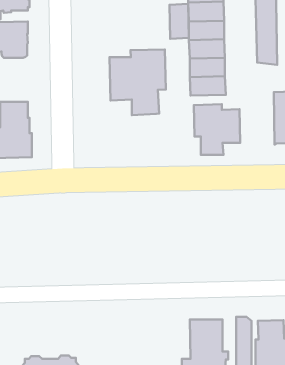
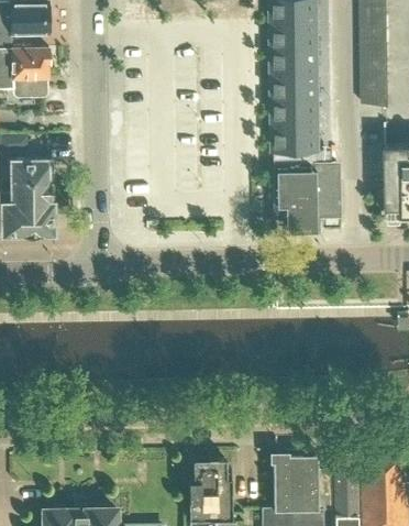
building: [169,4,189,39] -> none
building: [109,49,166,115] -> none
building: none -> [188,460,229,513]

